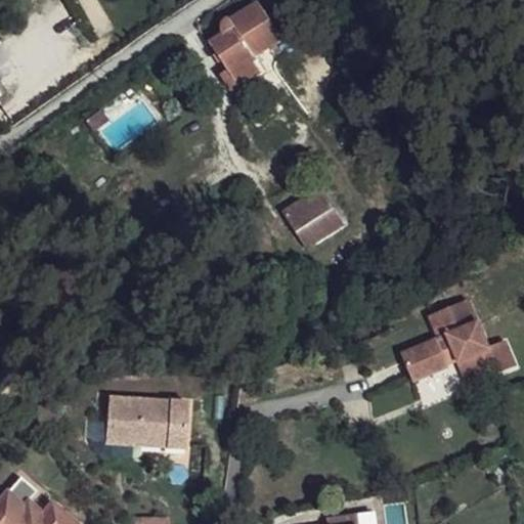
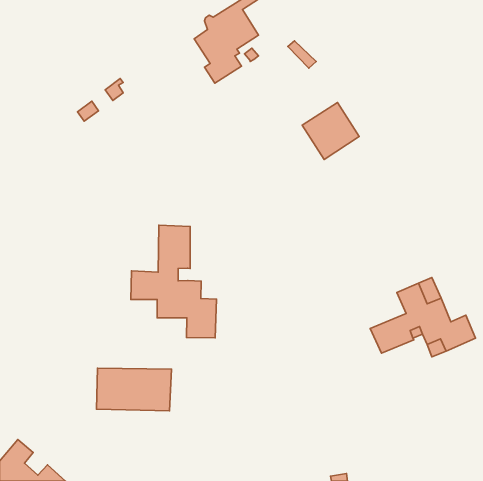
building: [289,184,350,246] -> [302,103,359,159]
building: none -> [131,225,216,338]

